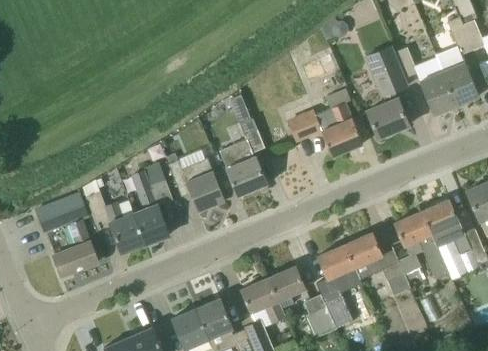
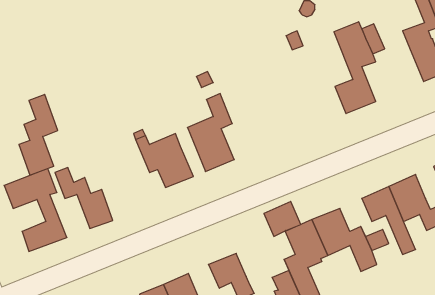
building: [419,72,456,115] -> none
building: [285,89,362,157] -> none
building: [133,164,172,245] -> [19,94,58,175]
building: [268,266,305,301] -> [264,201,301,236]

